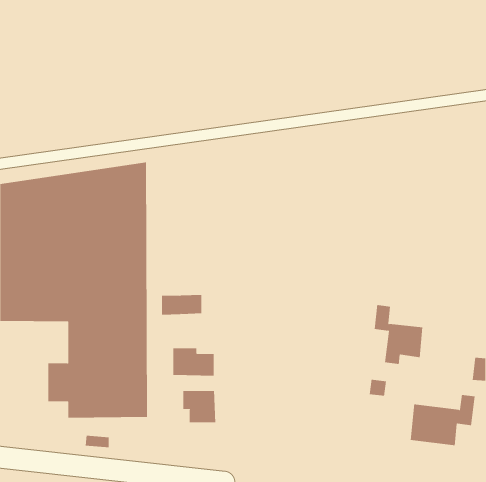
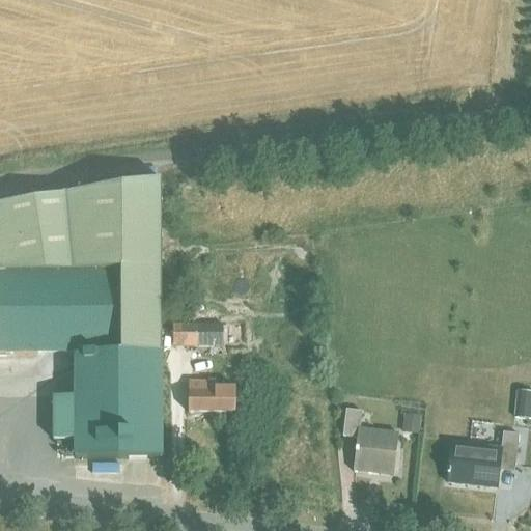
building: [374,304,423,364] -> [344,403,398,469]
building: [183,390,216,423] -> none

